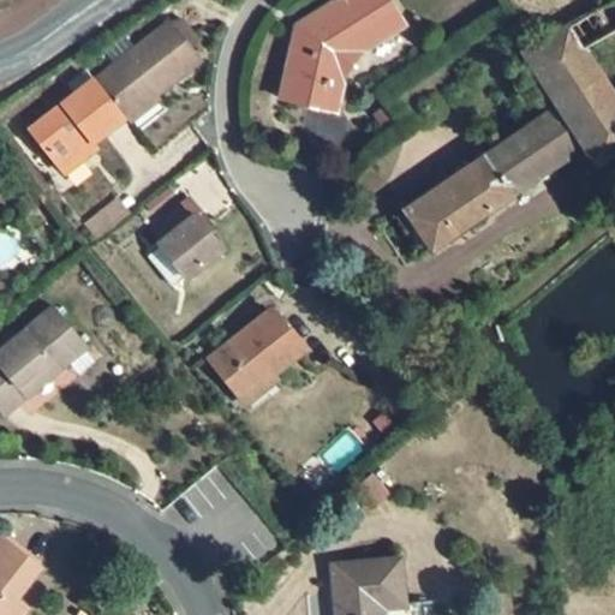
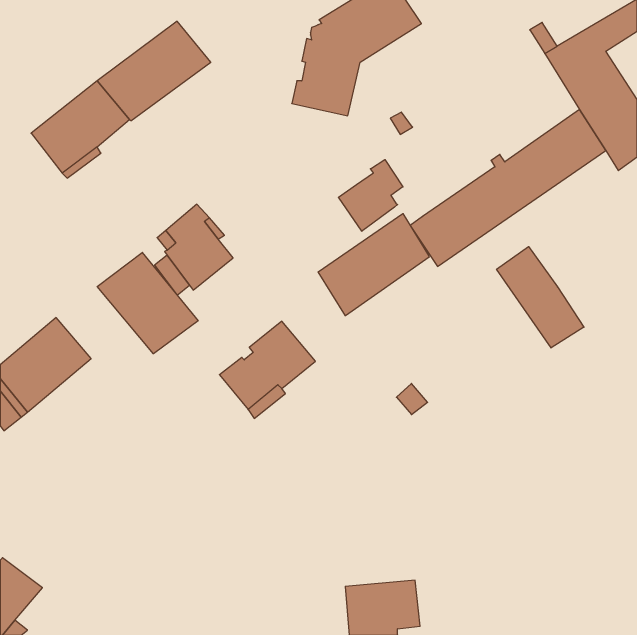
building: none -> [338,160,403,231]
building: none -> [318,214,429,316]
building: none -> [497,247,584,348]
building: none -> [97,252,198,354]

